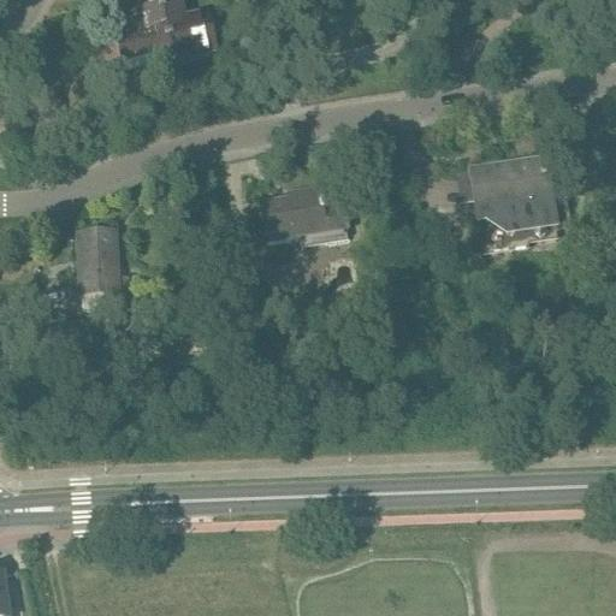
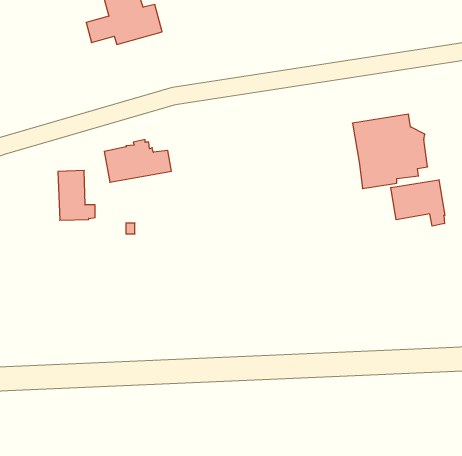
building: [259,183,348,239] -> [104,140,171,182]
building: none -> [391,180,445,226]

